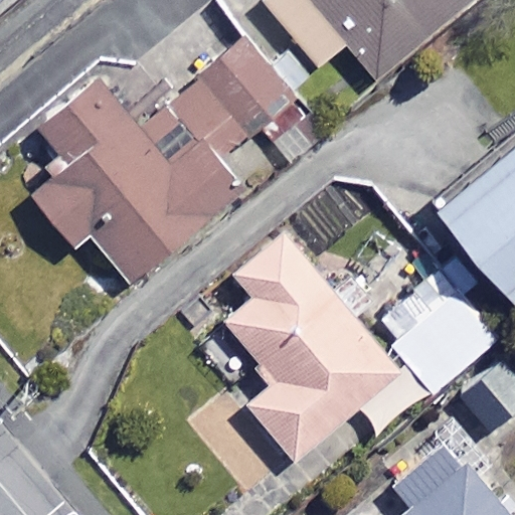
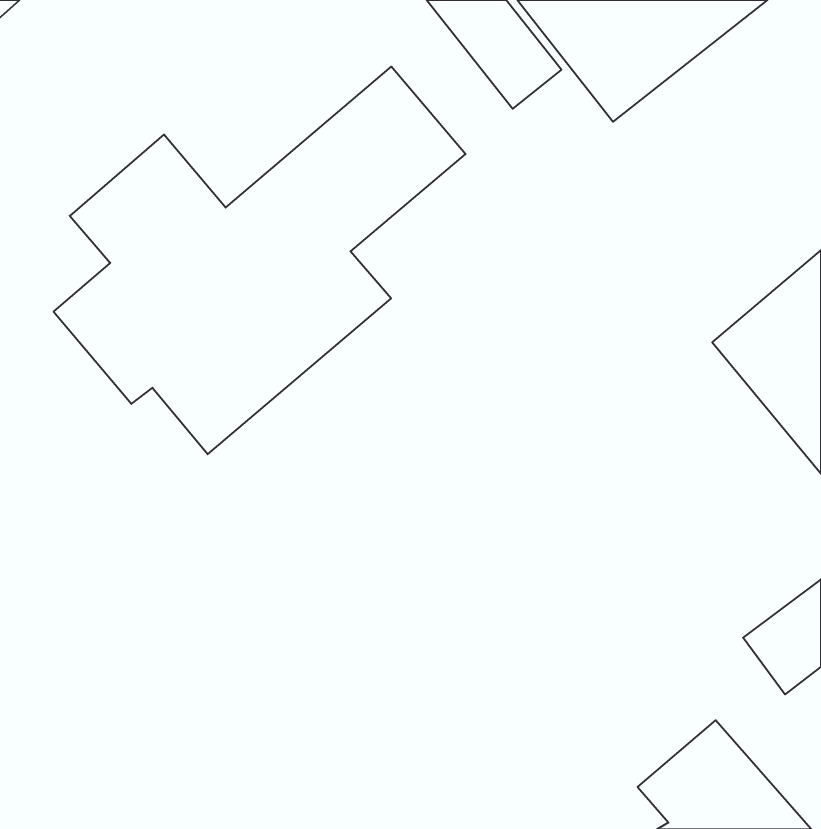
building: [225,231,398,459] -> none
building: [375,271,496,391] -> none

